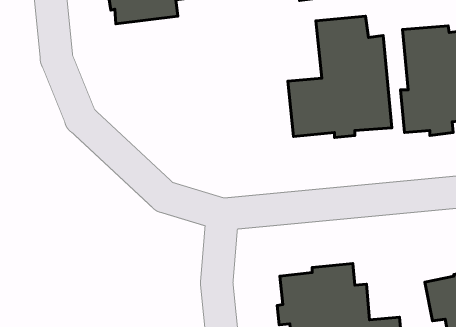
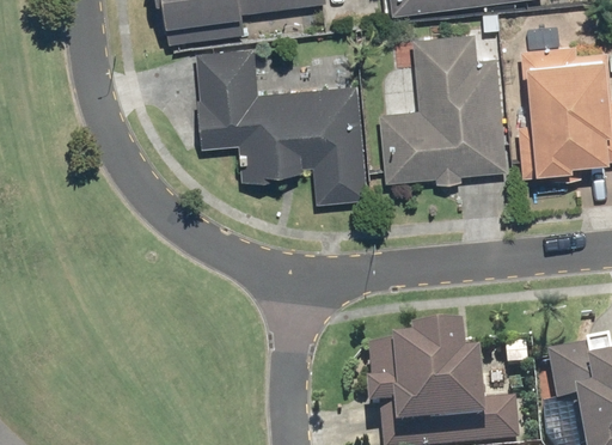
building: none -> [197,48,368,203]

